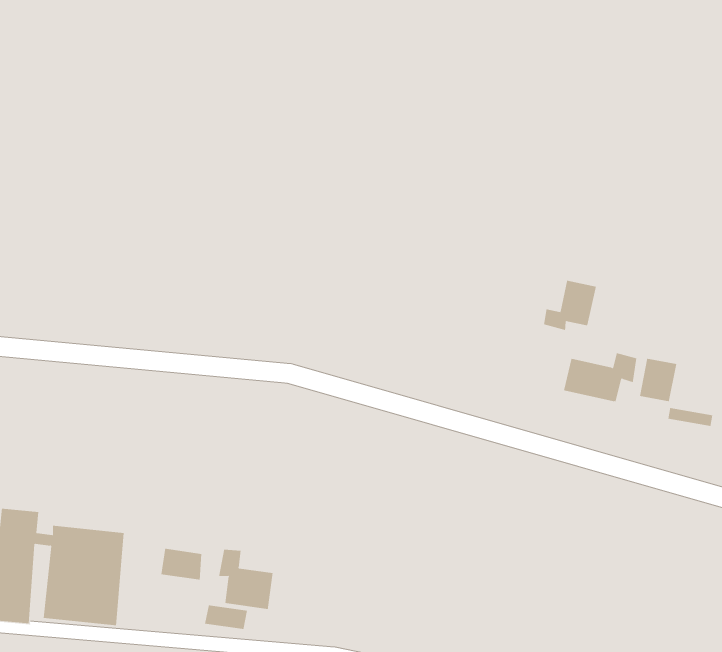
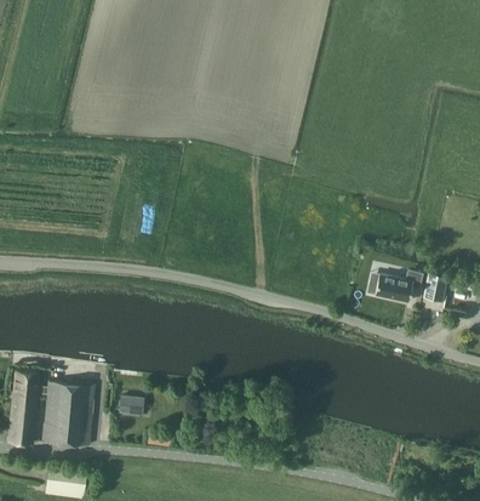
building: [544,280,596,331] -> none
building: [219,549,273,610] -> none

